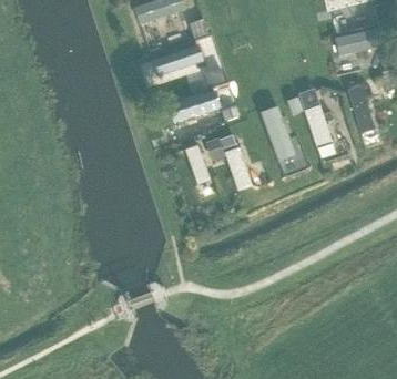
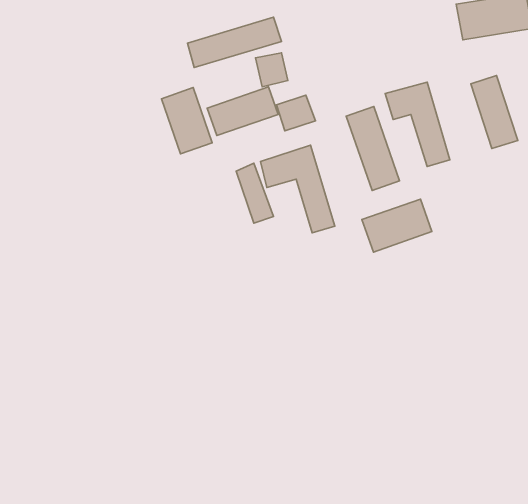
building: none -> [162,88,212,154]
building: none -> [362,199,432,252]

